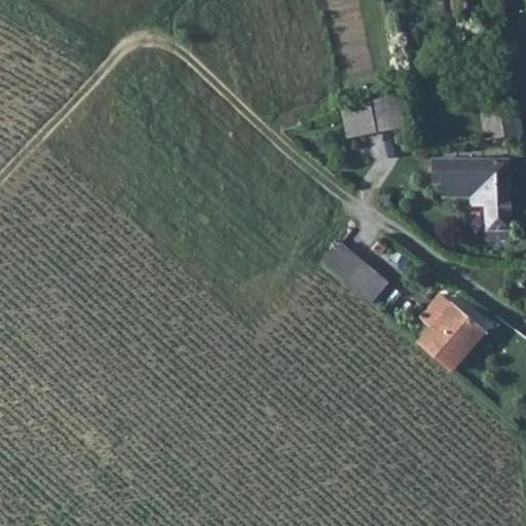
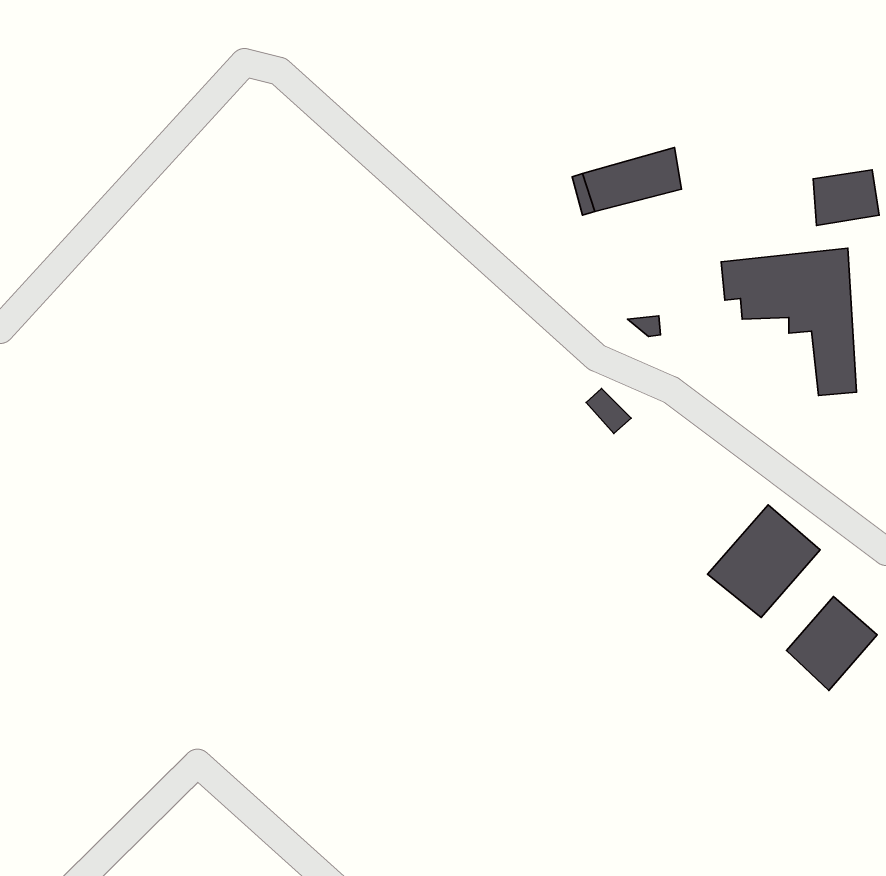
building: [325,246,388,306] -> none
building: none -> [786,596,877,690]

